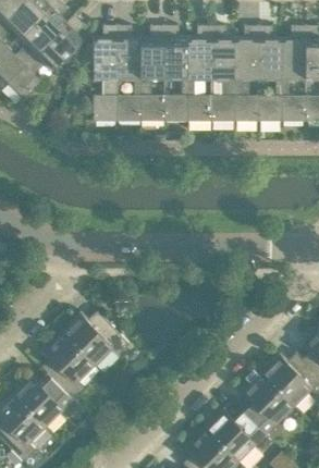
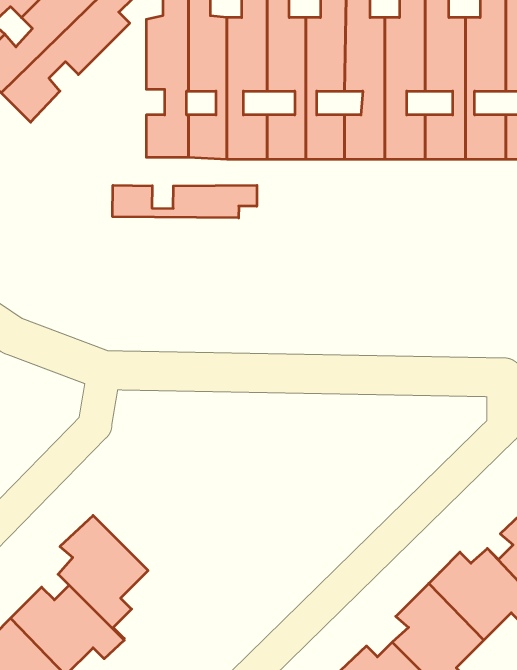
building: none -> [113,185,257,218]
building: [61,312,128,367] -> none

